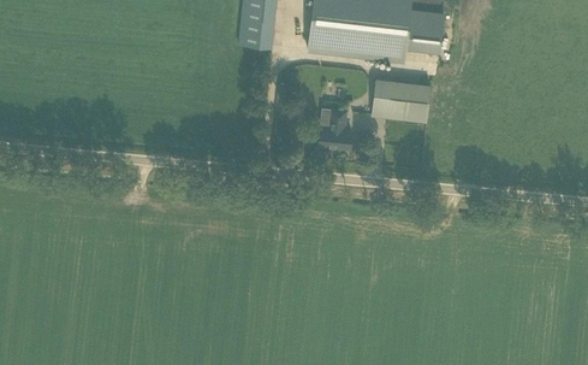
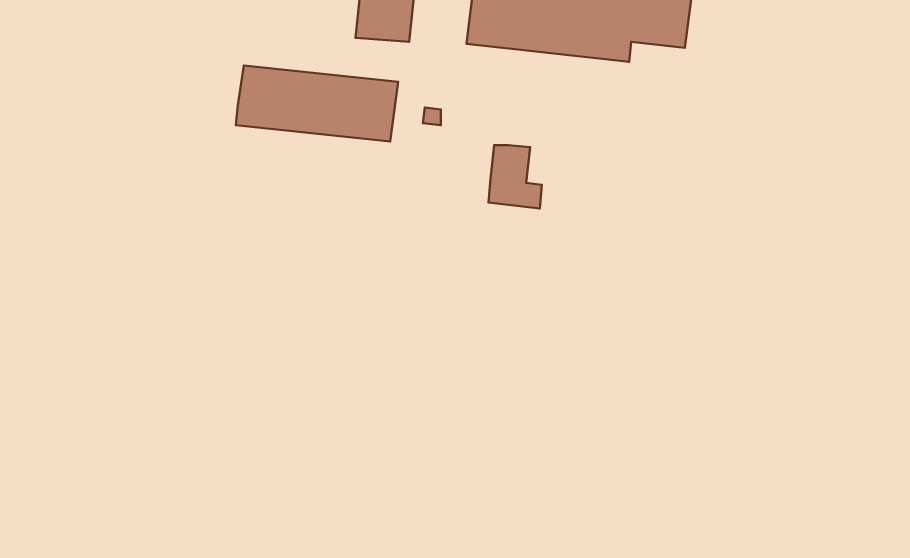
building: none -> [236,65,398,142]
building: [372,80,432,123] -> none

